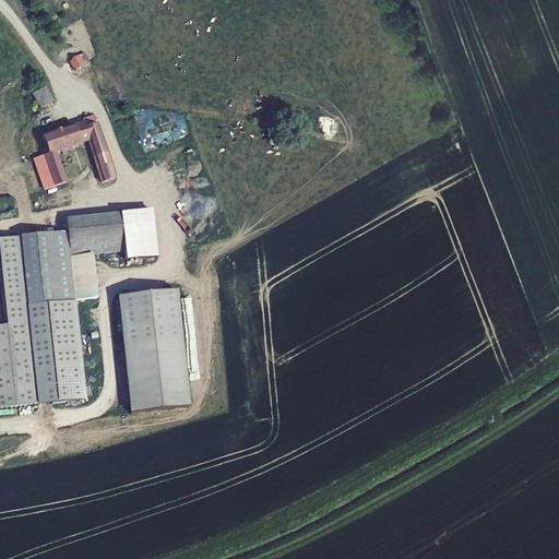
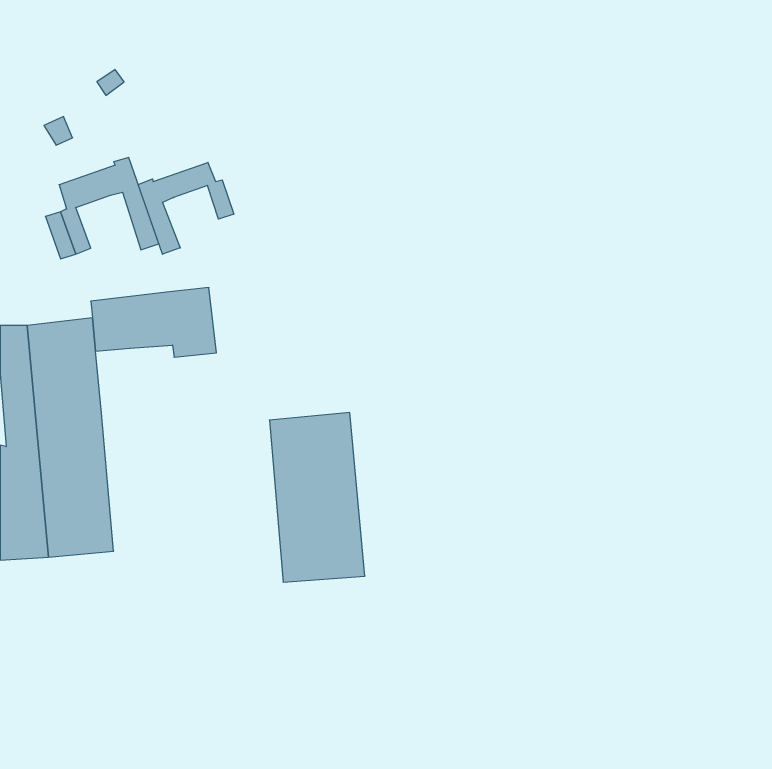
building: none -> [138,162,234,254]
building: [70,251,98,298] -> none
building: [118,290,187,413] -> [269,413,365,582]

